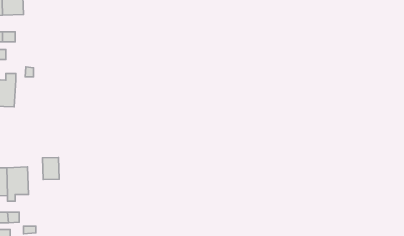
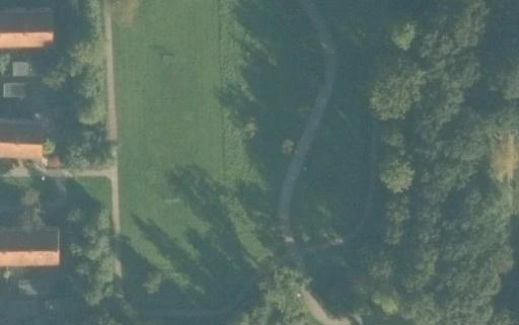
building: [42,158,59,179] -> none

